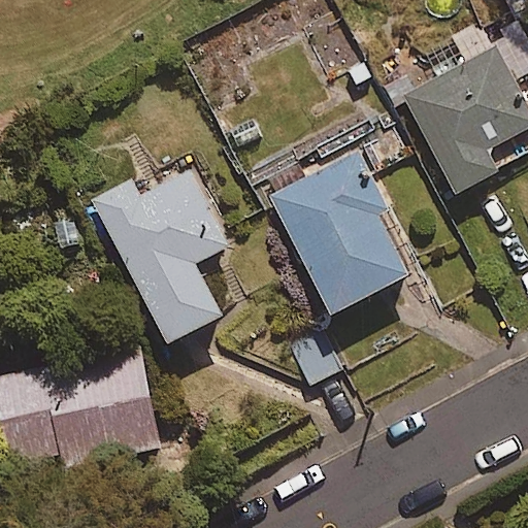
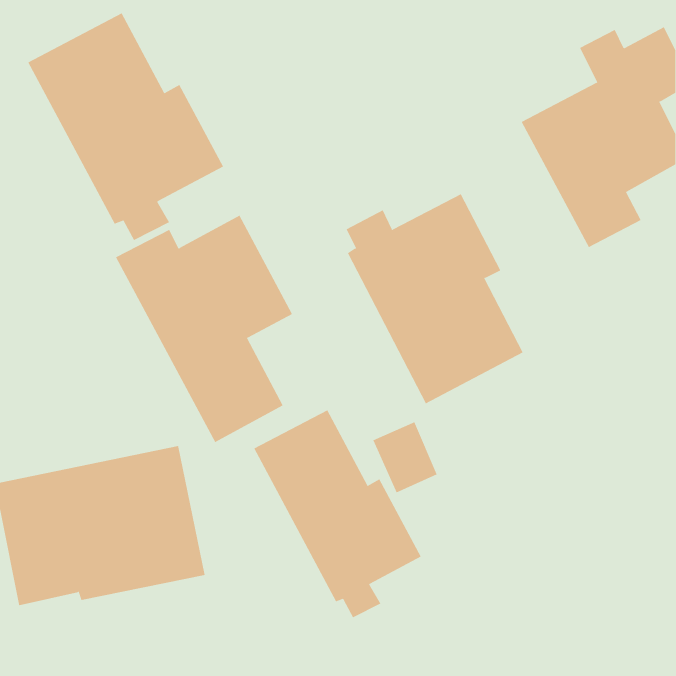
building: none -> [28,13,224,241]
building: none -> [253,410,422,618]

